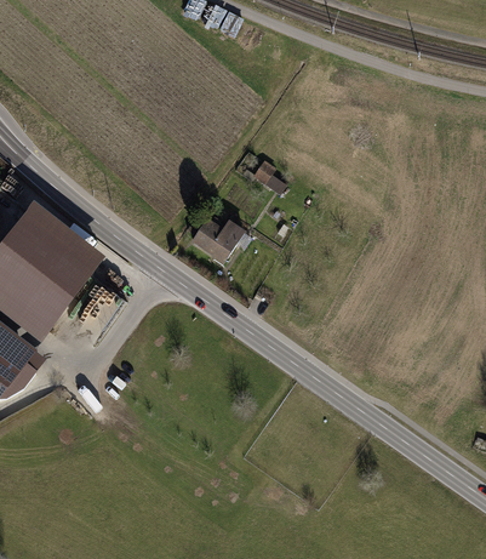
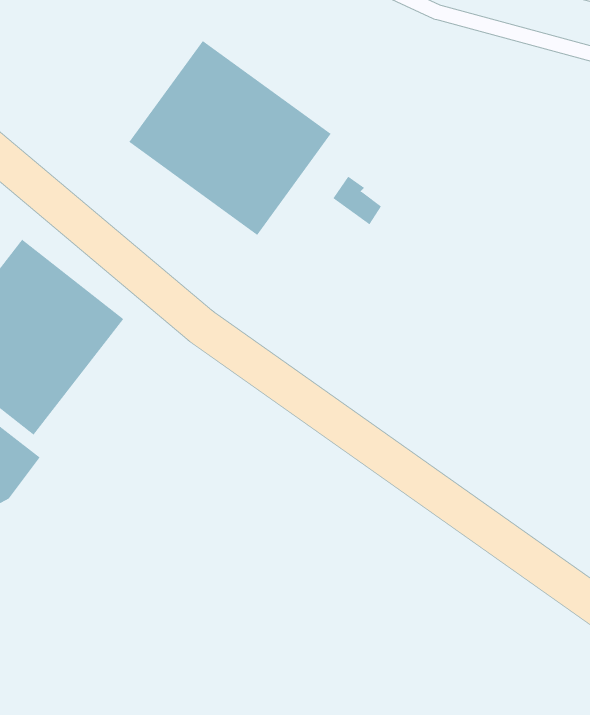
building: none -> [129,40,332,236]
building: [189,215,244,263] -> none

